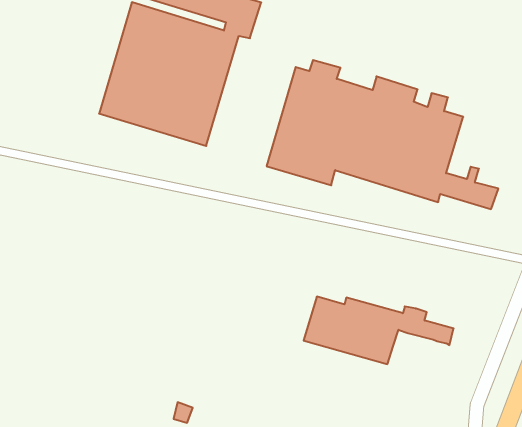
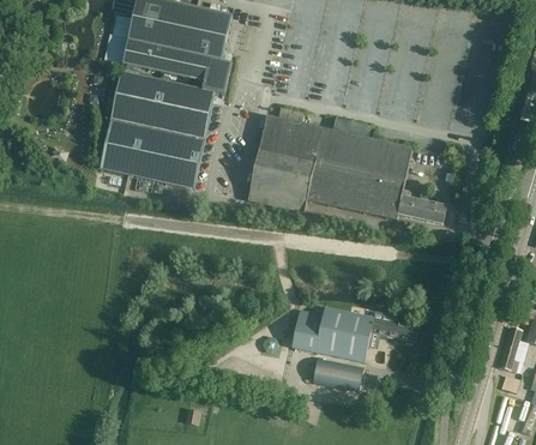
building: none -> [313,355,365,391]

